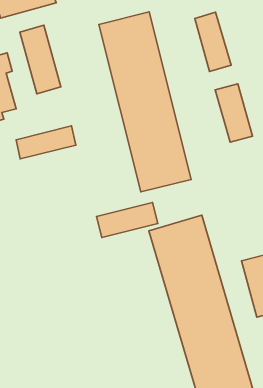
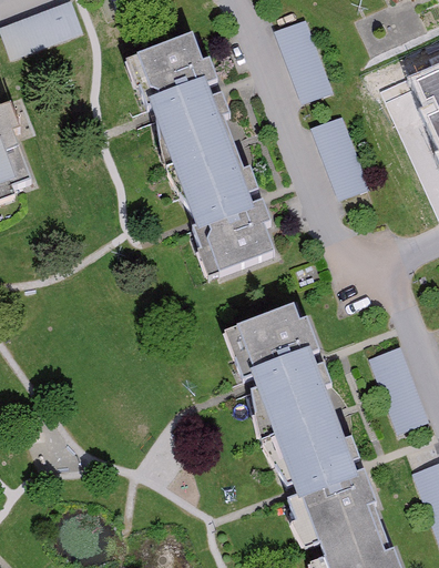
building: [20,25,61,94] -> none
building: [16,126,76,159] -> none
building: [96,203,158,238] -> none

